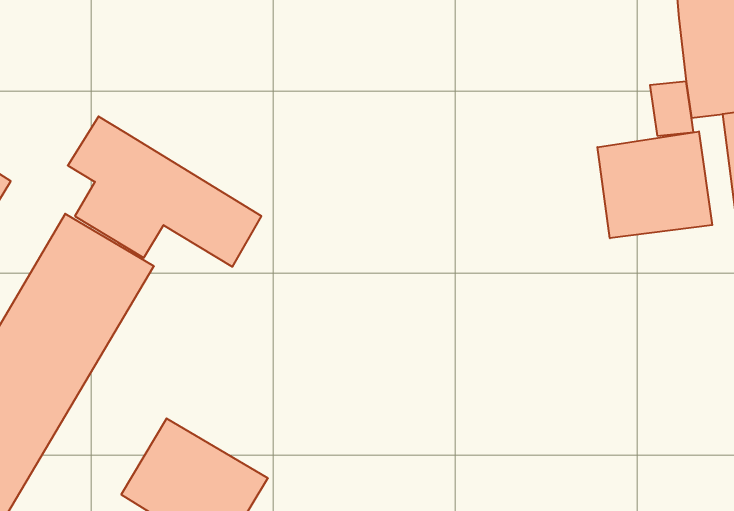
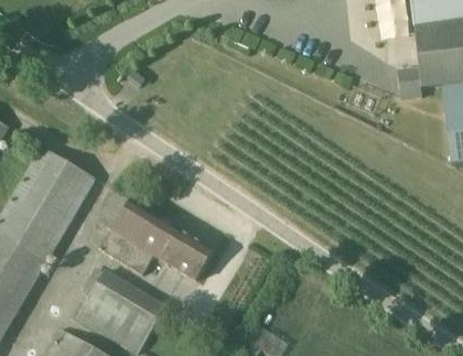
building: [68,116,261,267] -> [96,188,214,280]
building: [597,131,712,238] -> none

